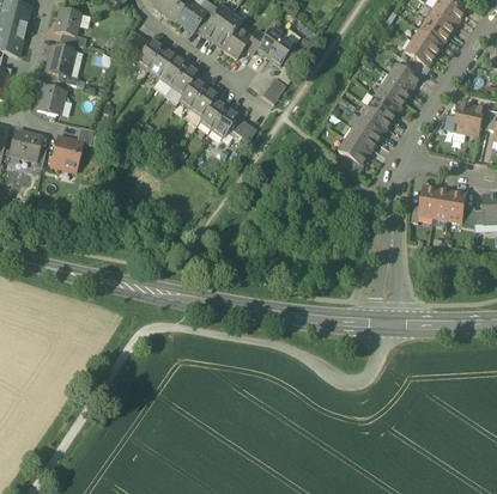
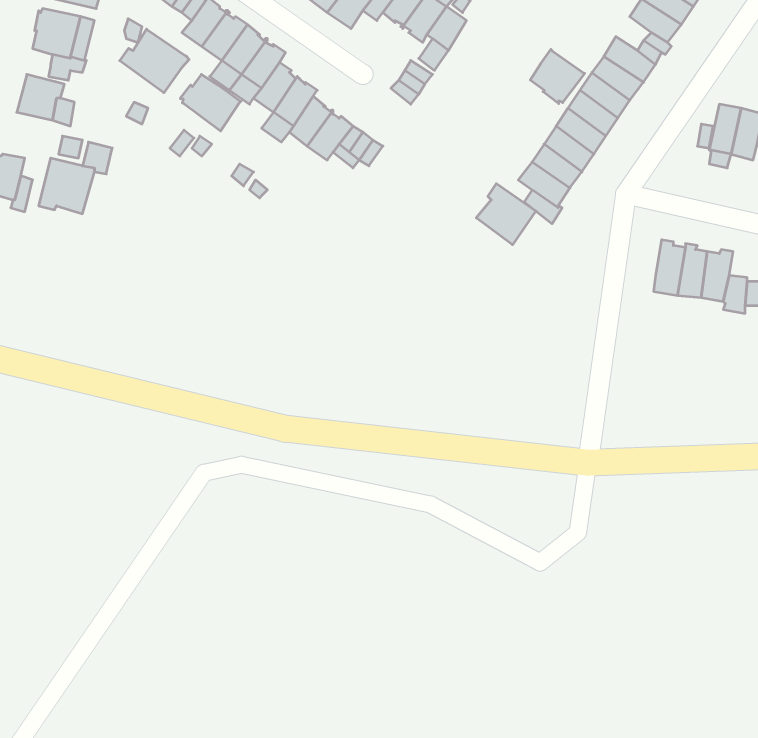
building: none -> [120,29,189,93]
building: none -> [530,49,585,104]
building: none -> [180,74,241,131]
building: none -> [476,184,536,245]

